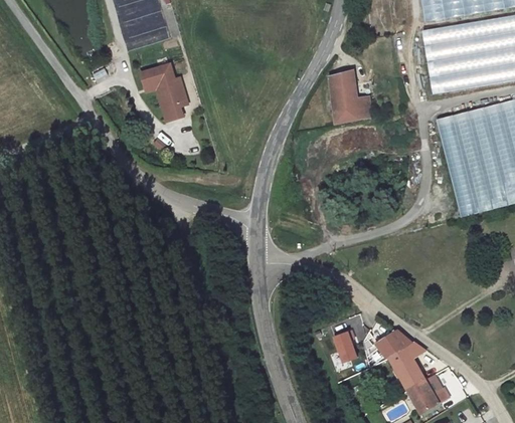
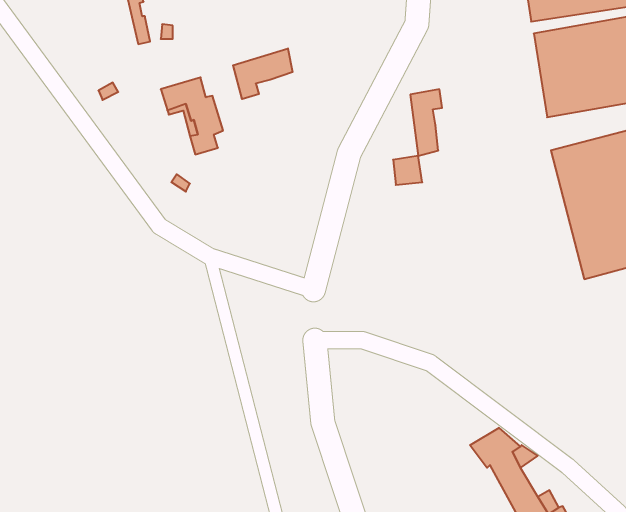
building: none -> [233,48,293,99]
building: [349,96,371,119] -> [393,156,422,185]
building: [335,331,358,362] -> none

